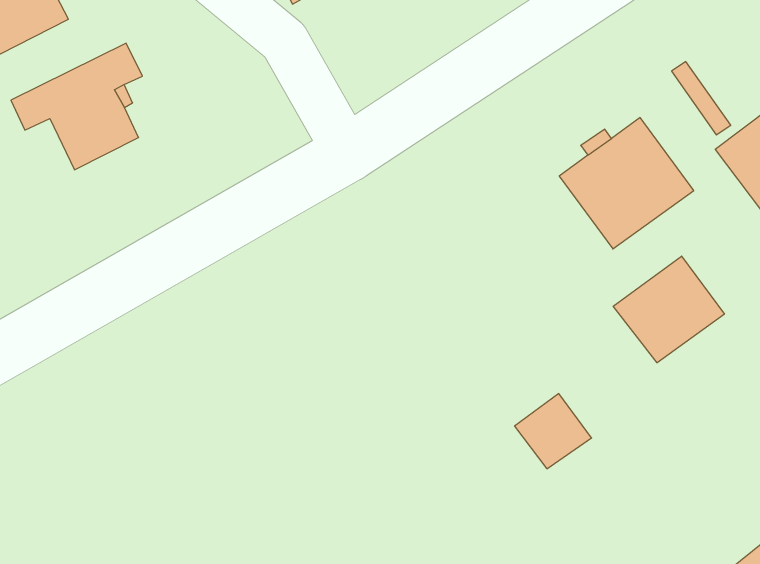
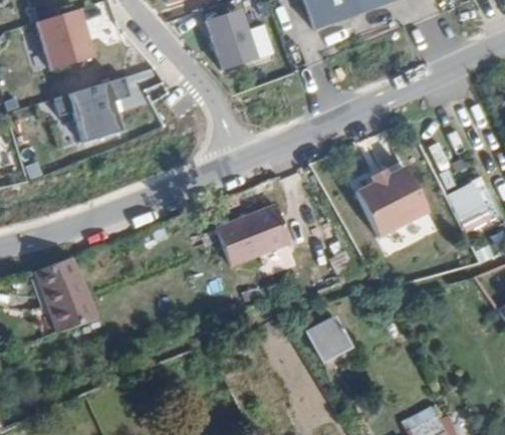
building: none -> [214,206,288,268]
building: [613,256,724,363] -> none
building: none -> [36,258,91,333]

